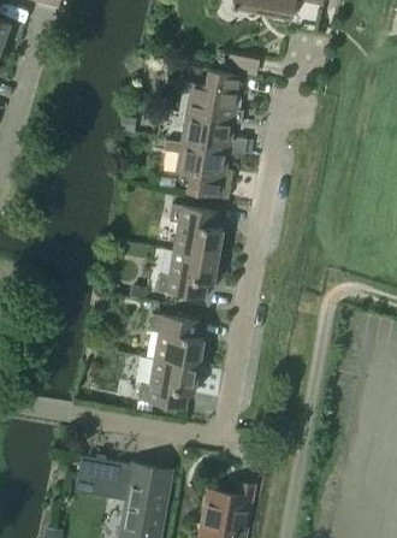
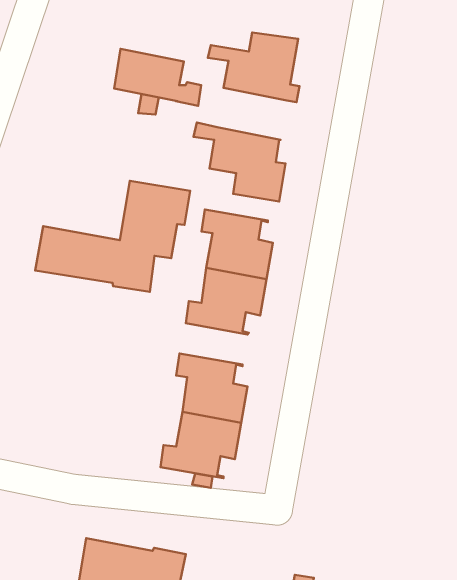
building: [180,112,247,155] -> [114,49,201,106]
building: none -> [35,181,190,292]

